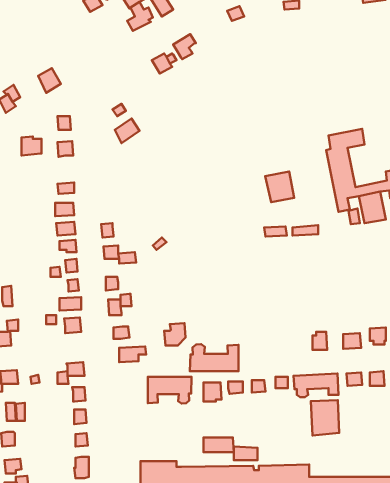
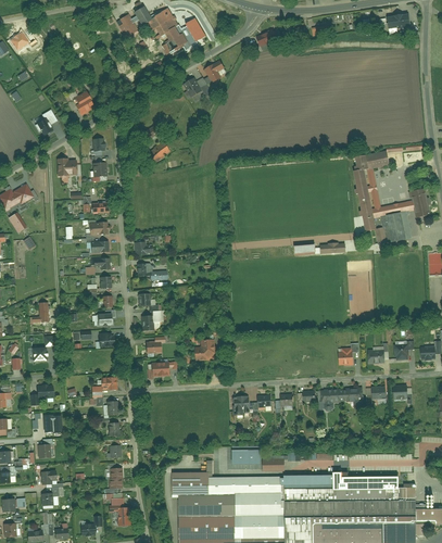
building: [265,171,294,202] -> none
building: [190,344,239,371] -> none
building: [148,377,192,404] -> none
building: [311,400,339,435] -> none

